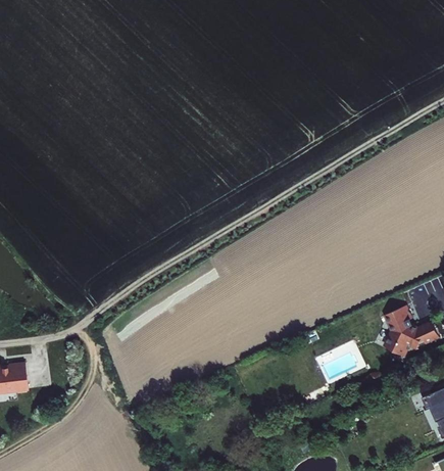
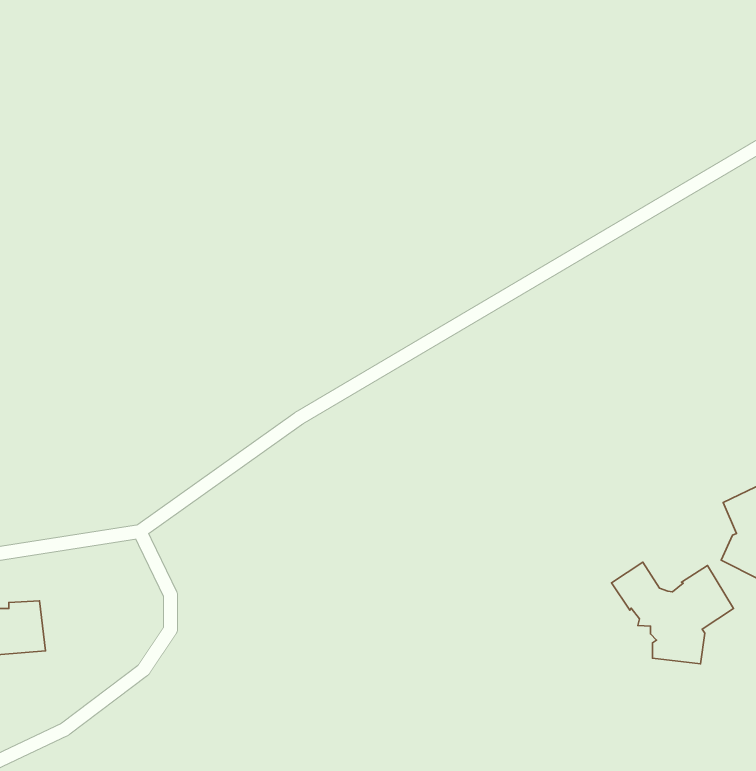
building: none -> [612,562,734,664]

